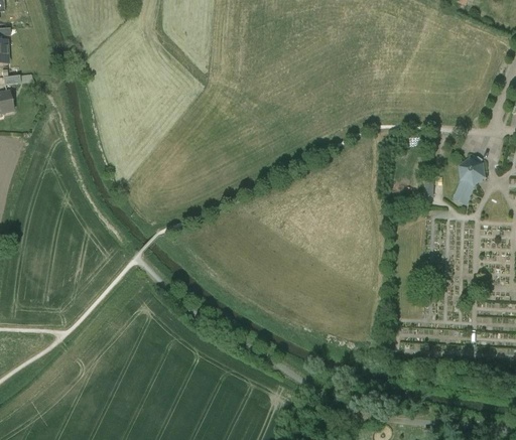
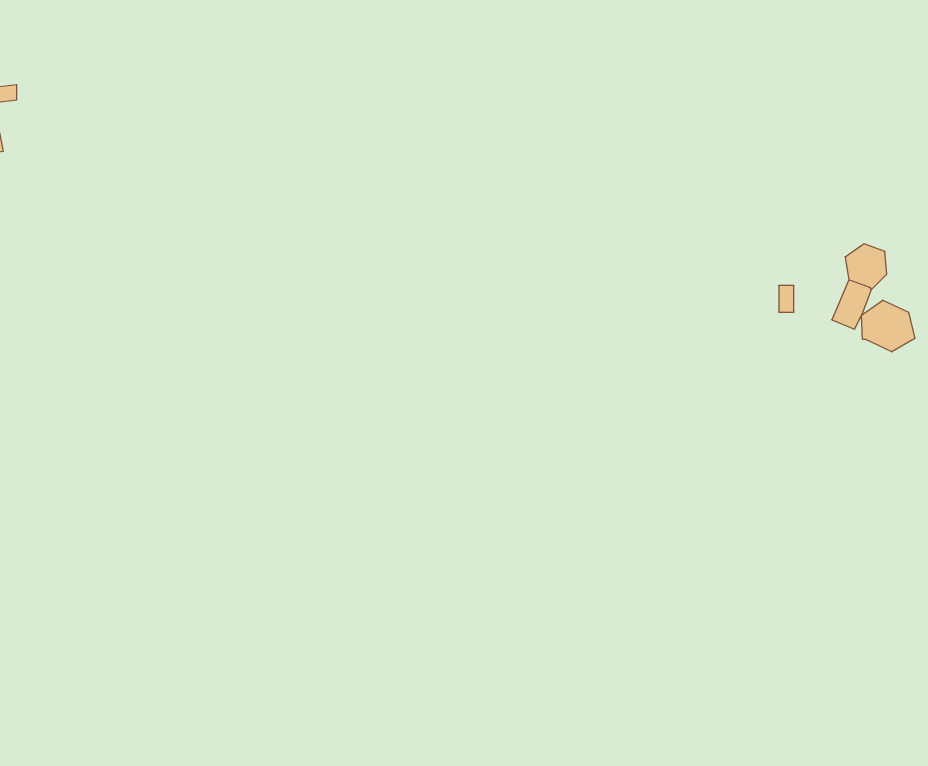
building: none -> [862,300,915,352]

